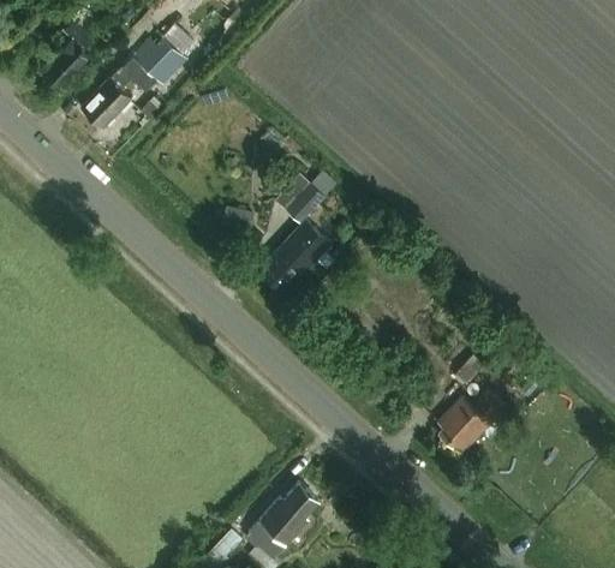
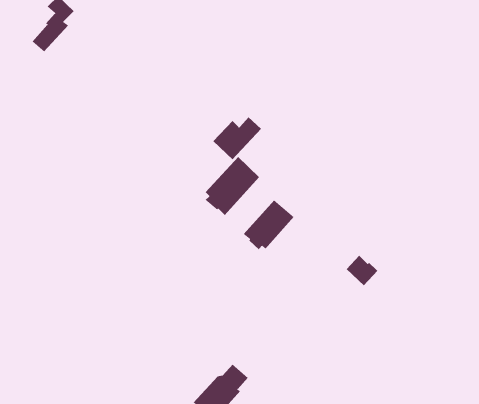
building: [82,32,187,127] -> none
building: none -> [243,200,295,250]
building: [437,390,506,455] -> none

